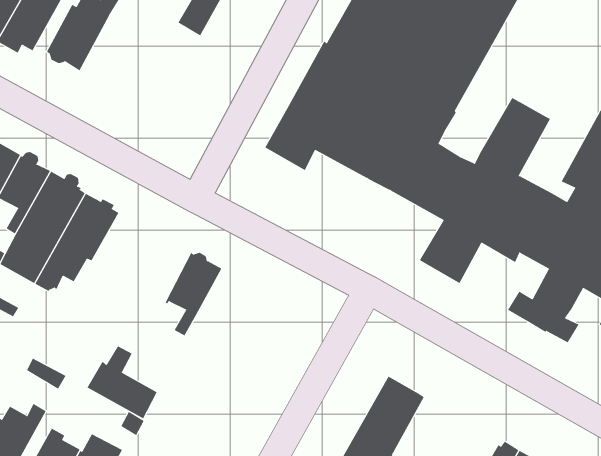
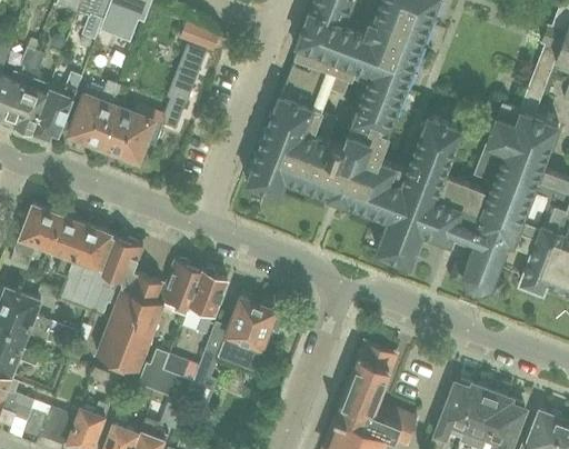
building: none -> [98,99,166,161]
building: none -> [162,260,202,311]
building: none -> [98,272,166,371]
building: none -> [189,297,283,405]

